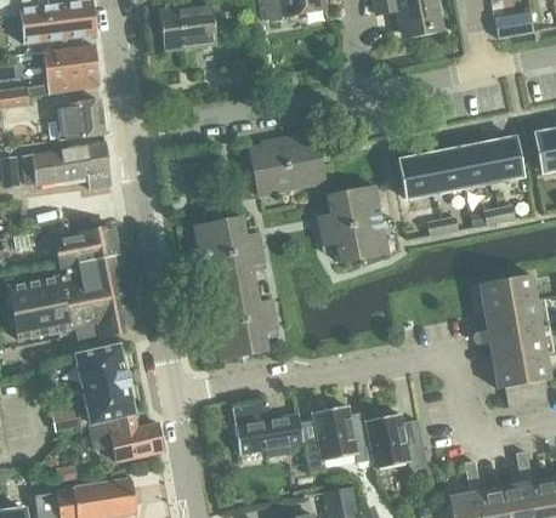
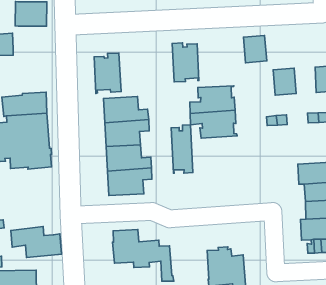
building: [248,136,291,197] -> [94,53,121,94]
building: [57,142,110,189] -> none
building: [456,144,492,184] -> none
building: [398,155,435,197] -> [244,35,267,63]
building: none -> [171,125,193,173]
building: [74,343,135,425] -> none
building: [312,402,374,462] -> none

